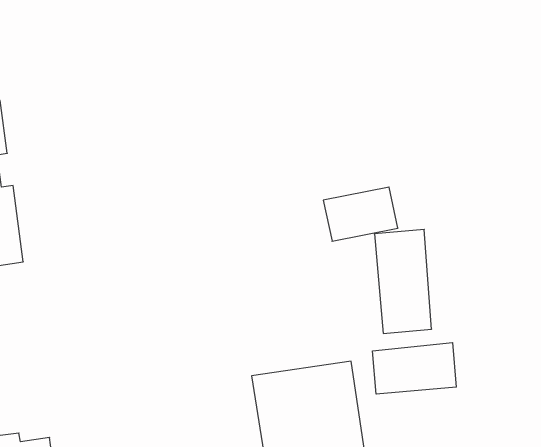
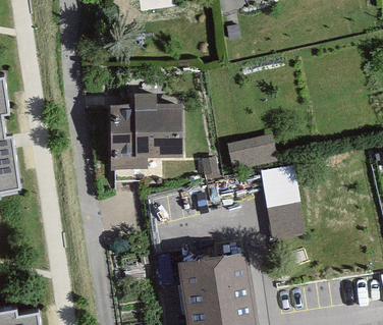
building: none -> [110,95,182,170]
building: [373,343,456,394] -> none

